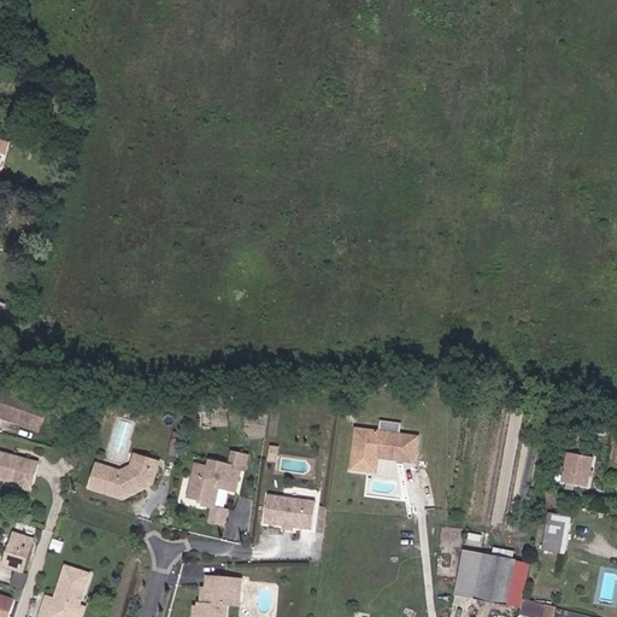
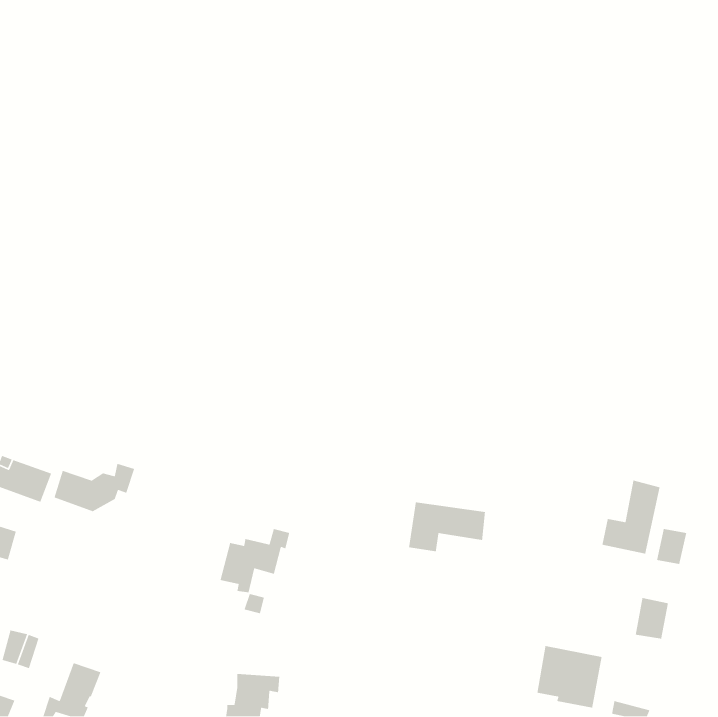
building: none -> [602,479,661,554]
building: [7,454,35,482] -> none
building: [88,457,158,499] -> [54,463,135,512]
building: [263,498,315,530] -> none

